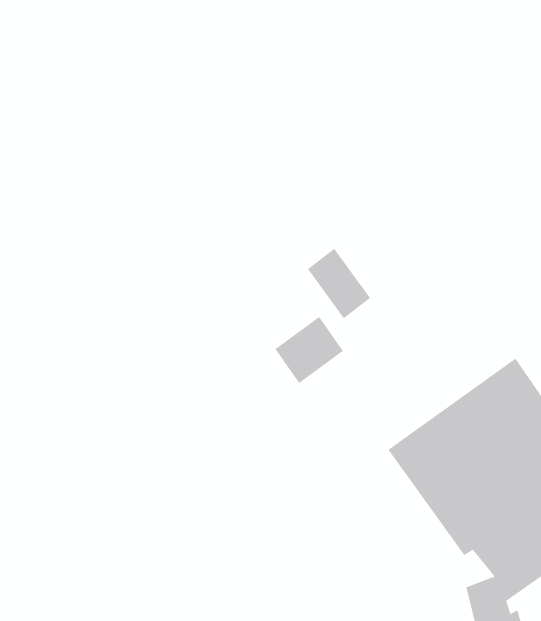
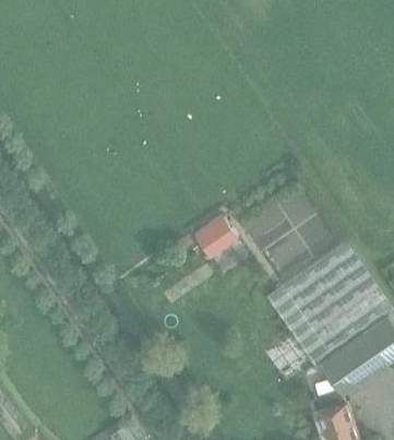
building: [307,248,371,319] -> none

